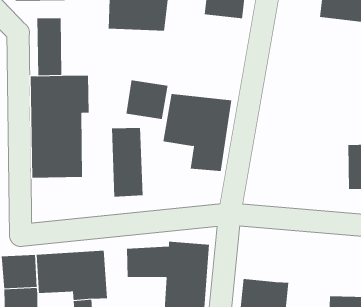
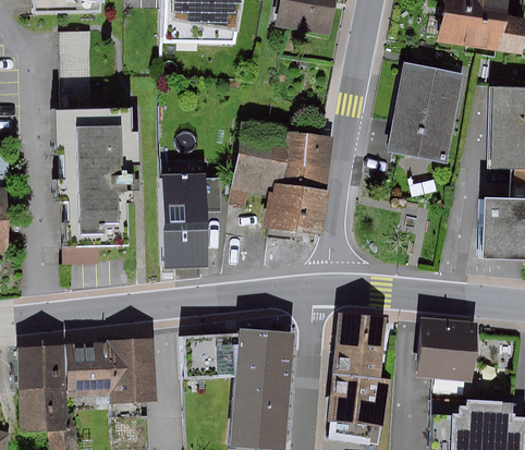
building: none -> [391,63,457,159]
building: [126,79,168,120] -> none
building: none -> [337,313,386,377]
building: none -> [415,326,473,380]

